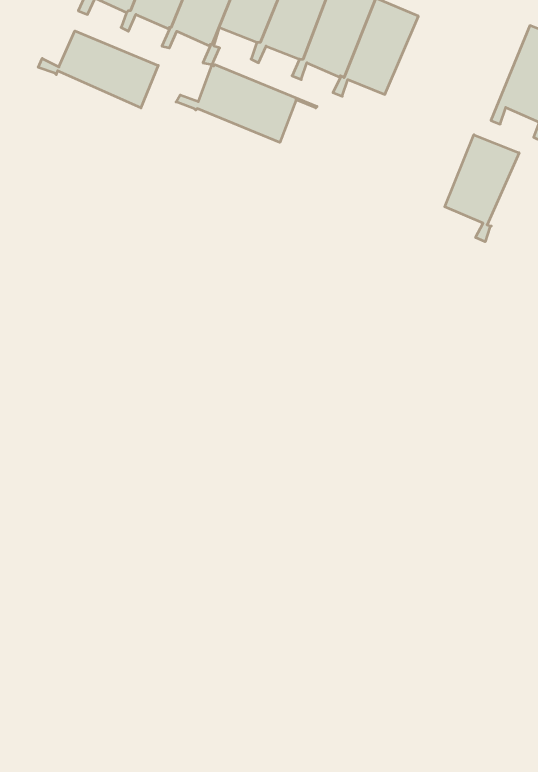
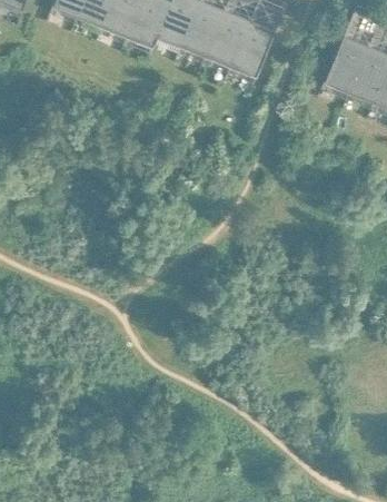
building: [38,31,158,108] -> none
building: [176,65,317,142] -> none
building: [445,135,519,242] -> none

